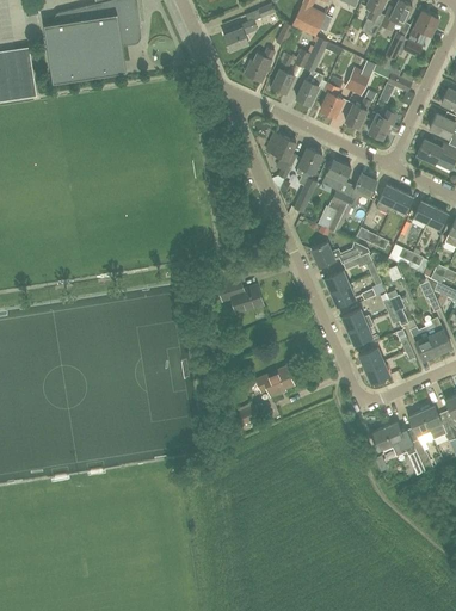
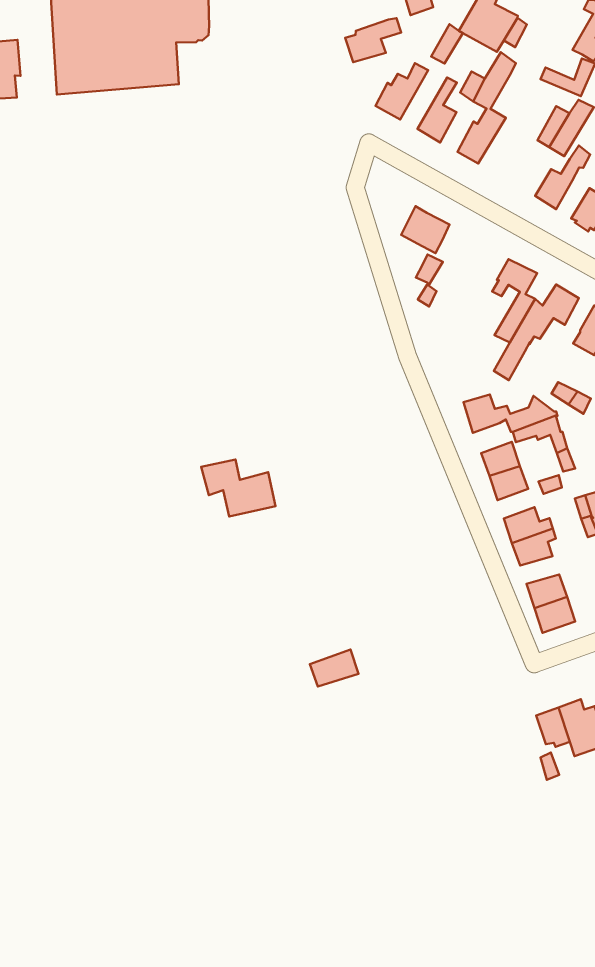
building: [320,75,343,116] -> none
building: [294,147,322,211] -> none
building: [216,278,263,313] -> [201,460,275,517]
building: [257,366,292,395] -> none

